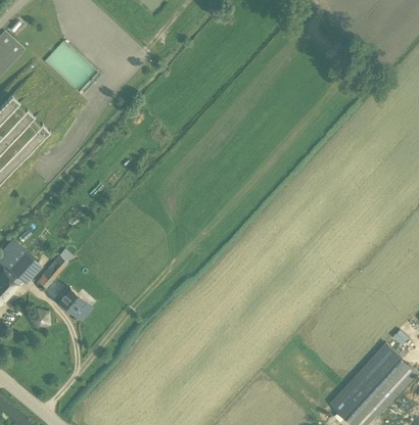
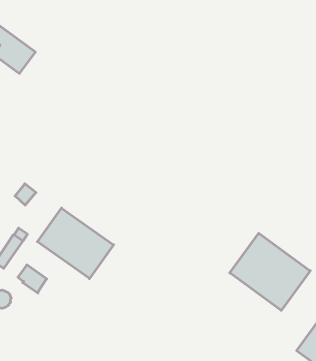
building: none -> [37,208,114,279]
building: none -> [230,233,310,310]

